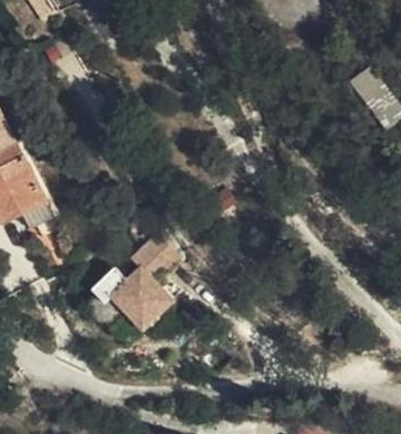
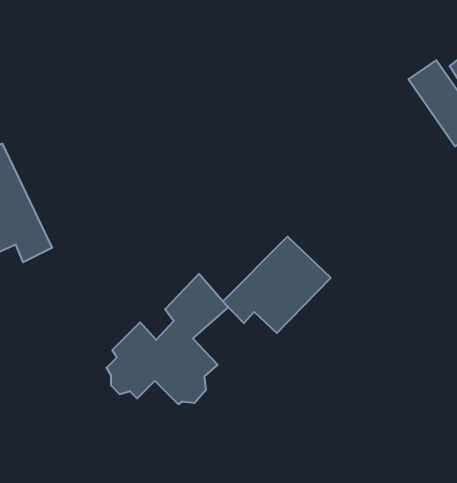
building: none -> [223,237,331,333]

